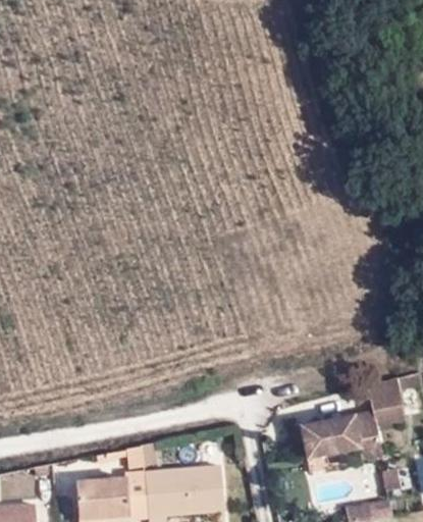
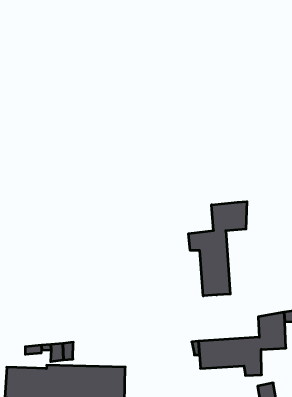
building: none -> [189,202,247,296]

